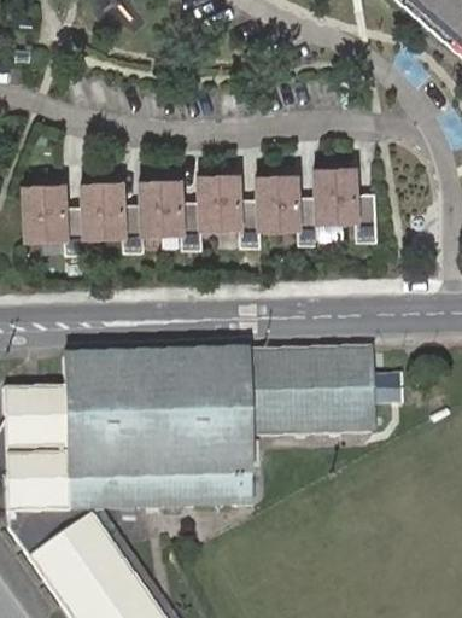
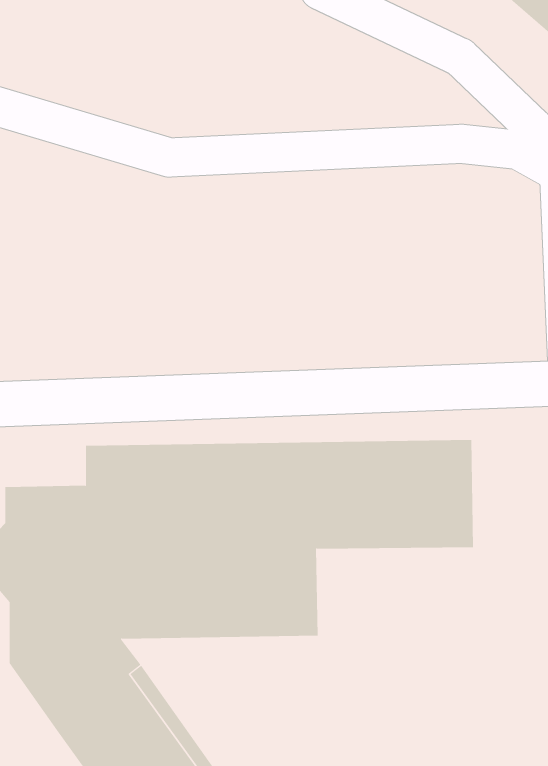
building: [21,168,373,249] -> none

